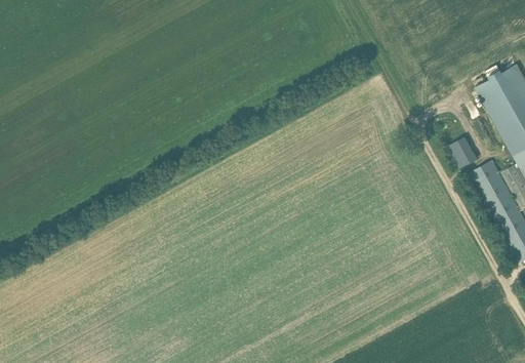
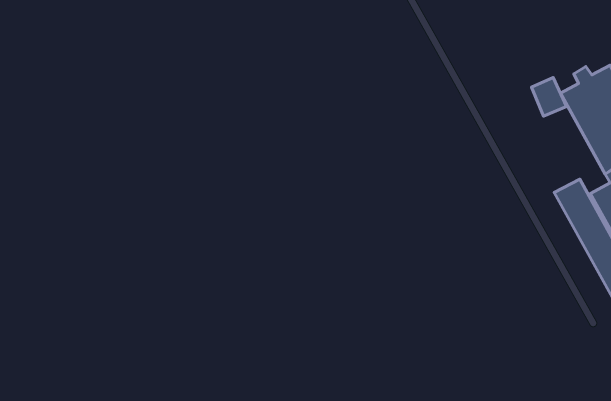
building: [451,135,481,168] -> [531,77,566,116]

